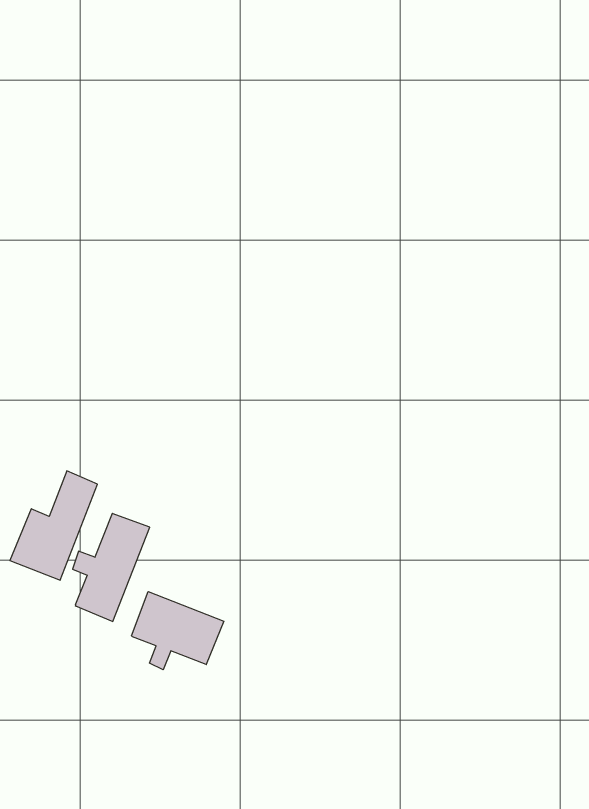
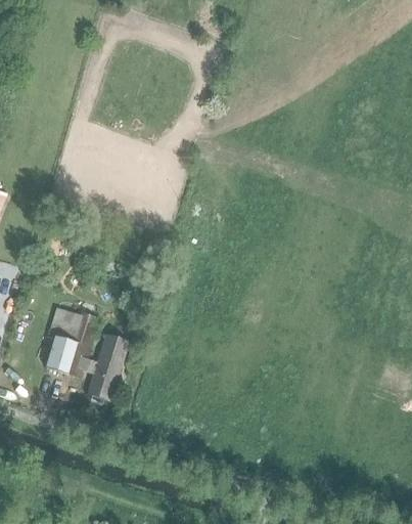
building: [131,592,224,670] -> none

